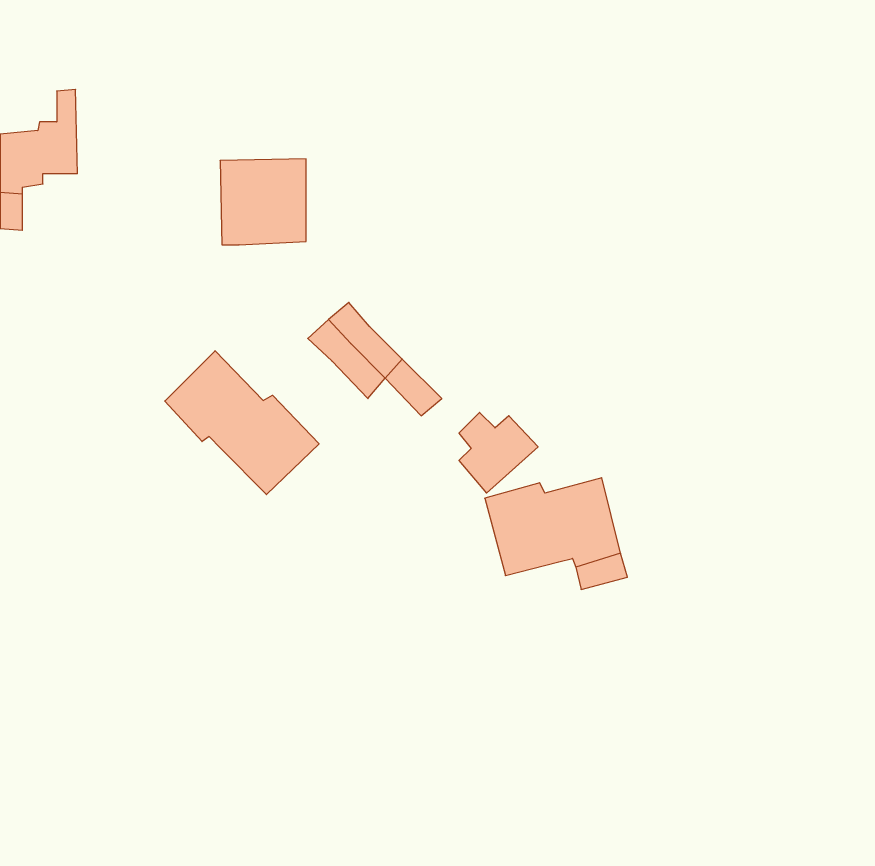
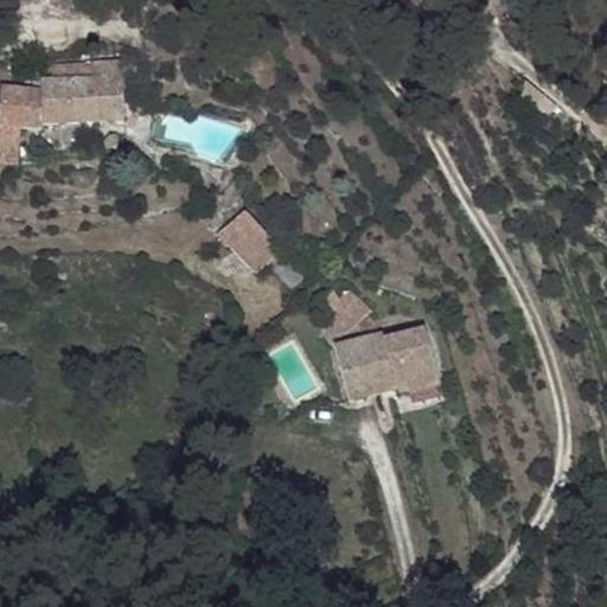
building: [220,159,306,245] -> [55,60,114,120]
building: [165,351,319,495] -> none

